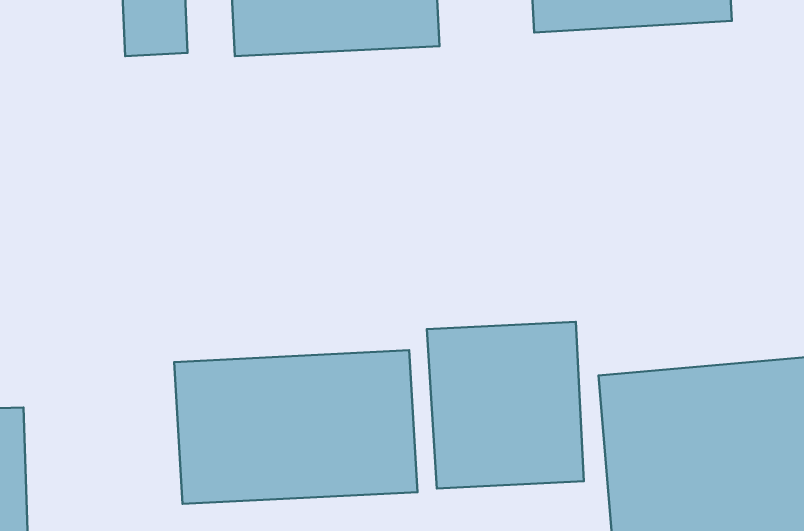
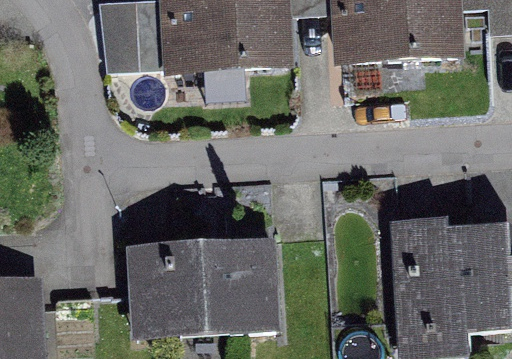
building: [427,322,584,488] -> none

